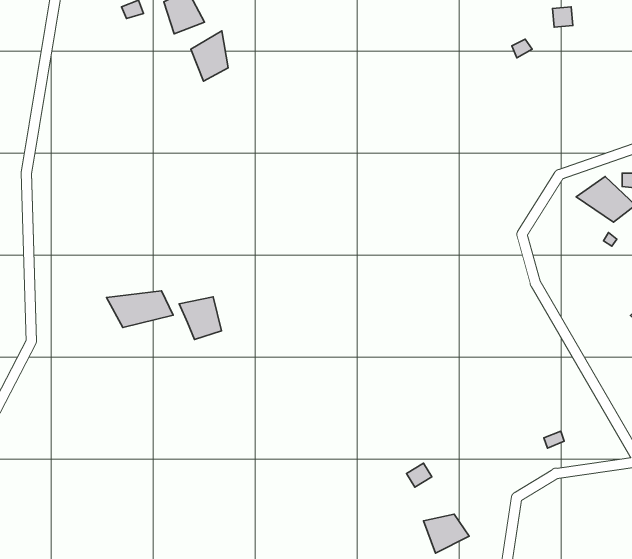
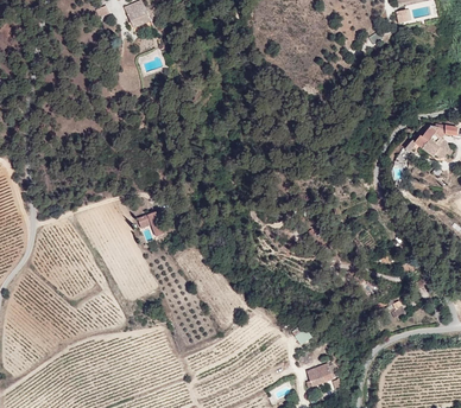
building: [191,31,228,81] -> none
building: [107,291,173,328] -> none

